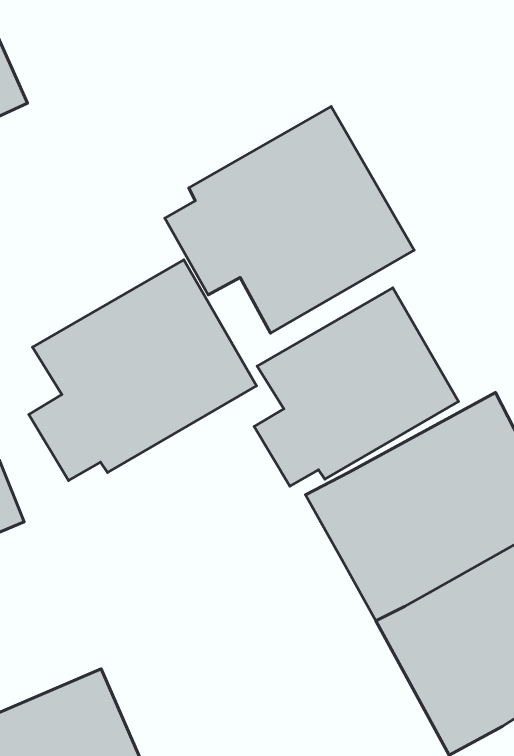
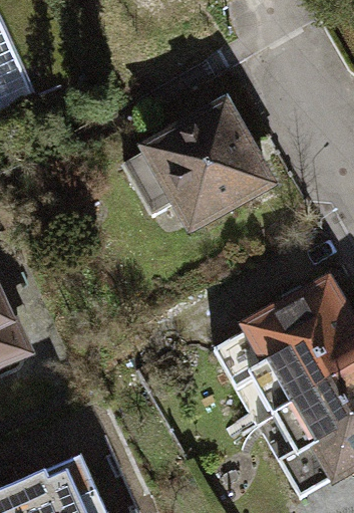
building: [29,260,257,481] -> none
building: [254,288,458,486] -> none

